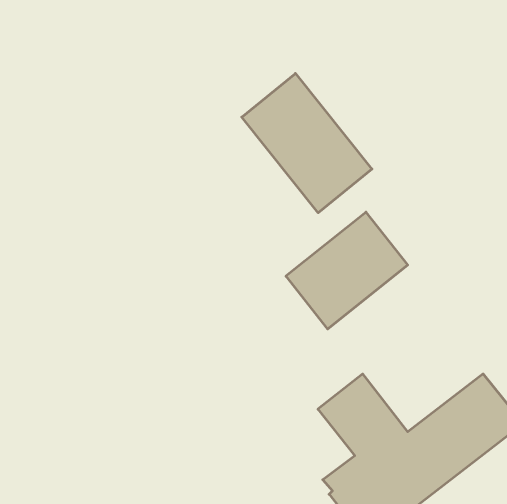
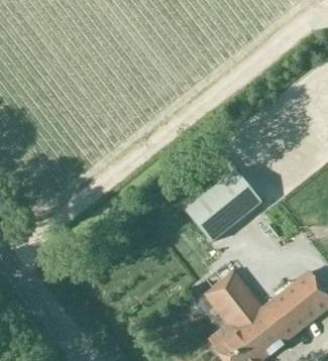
building: [242,73,372,213] -> none

